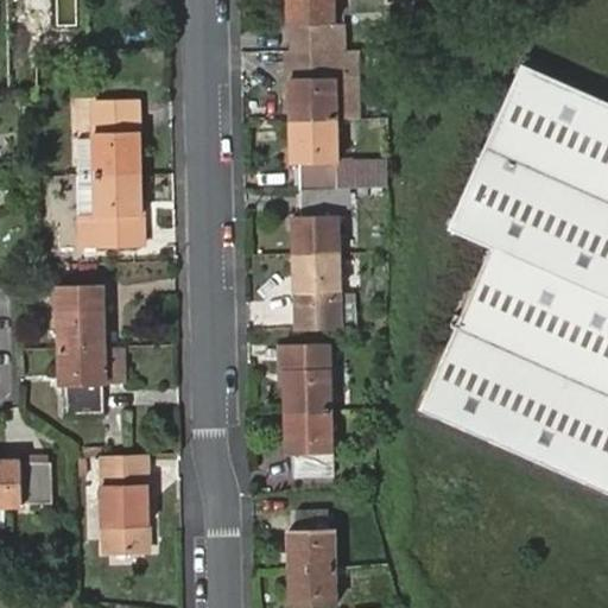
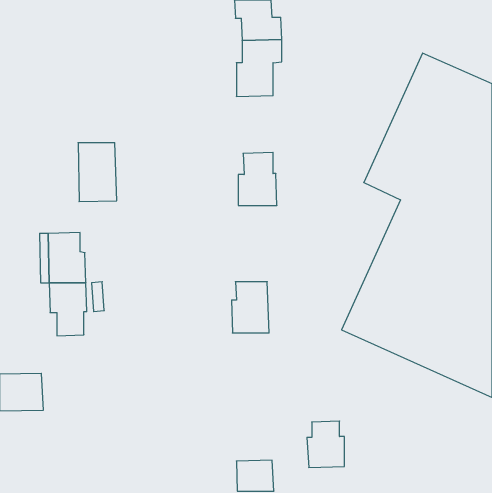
building: [94,106,141,176] -> none
building: [291,118,388,189] -> none
building: [293,253,342,319] -> none
building: [286,410,332,476] -> none
building: [103,454,150,551] -> none
building: [289,511,335,568] -> [307,421,344,467]

